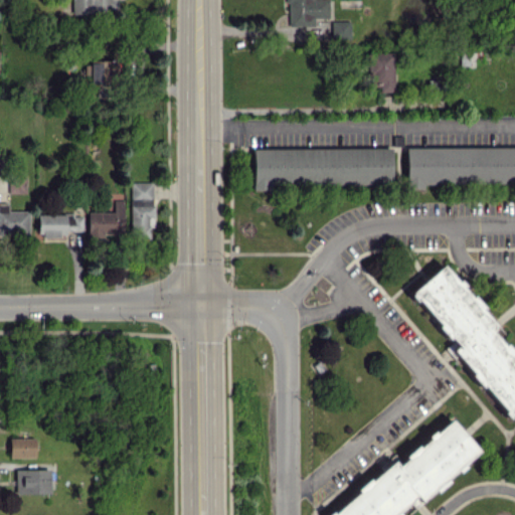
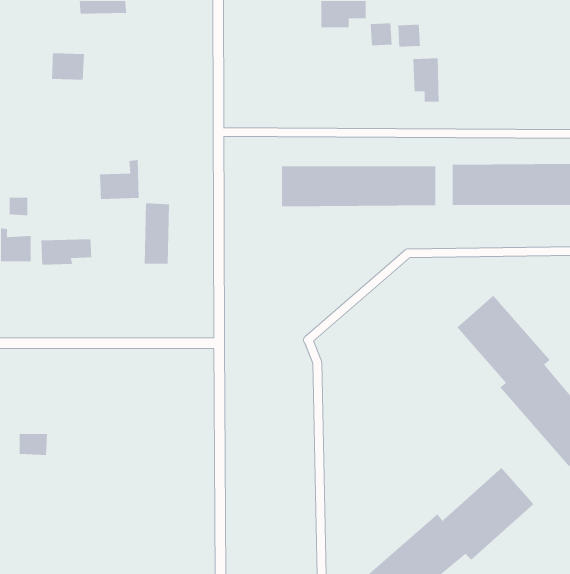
building: none -> [398,24,421,48]
building: [91,61,121,87] -> [51,52,85,81]
building: [91,200,127,236] -> [99,159,140,200]
building: [13,439,39,459] -> [19,433,48,456]
building: [19,470,54,494] -> none

